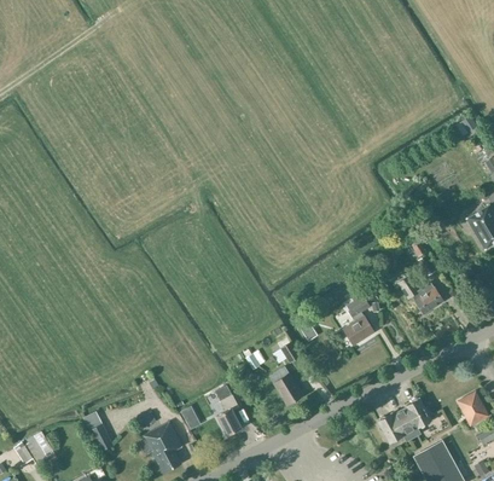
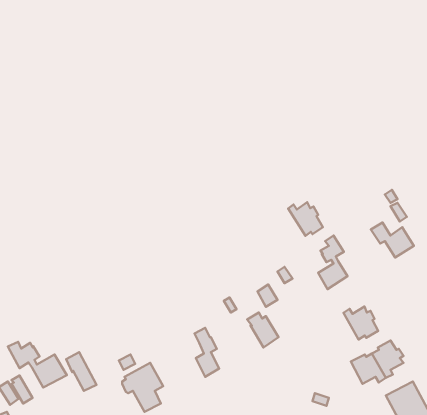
building: none -> [288,202,323,236]
building: none -> [343,307,378,339]
building: none -> [8,342,67,388]

